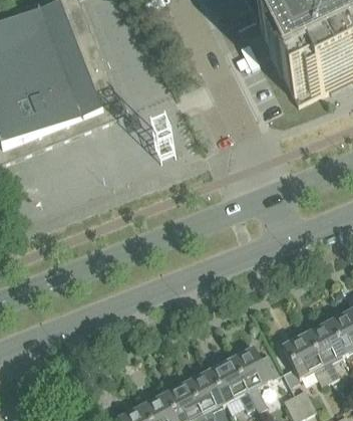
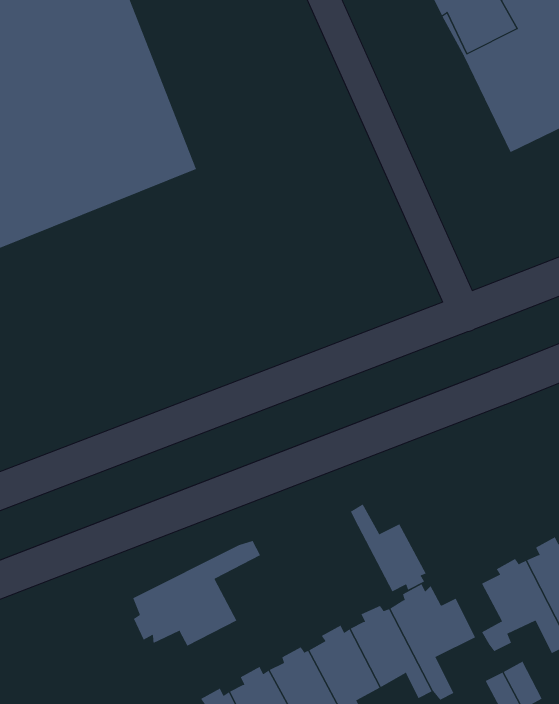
building: none -> [350,503,427,592]
building: none -> [133,540,261,647]

